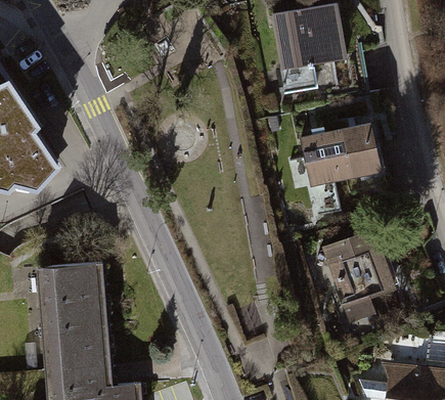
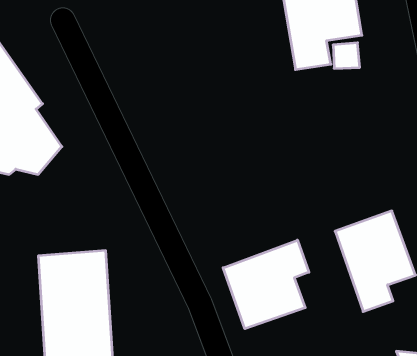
building: [299,122,384,187] -> none
building: none -> [223,240,309,329]

